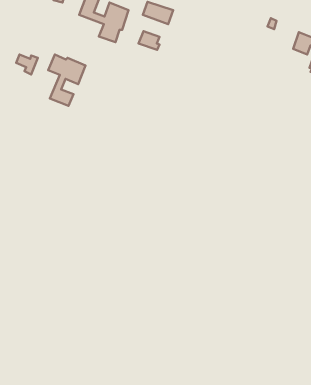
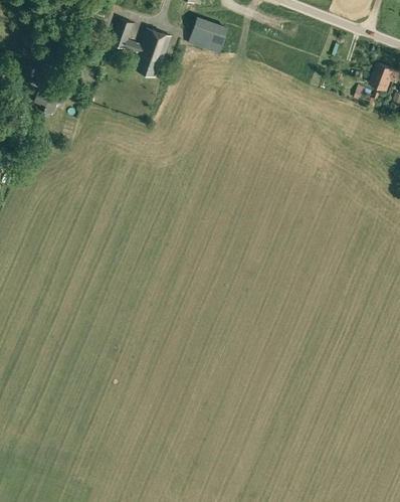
building: [138,31,160,50] -> none
building: [48,55,85,106] -> none

